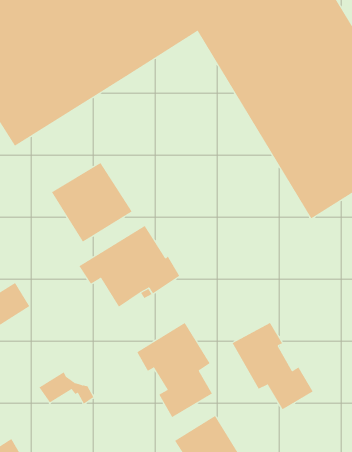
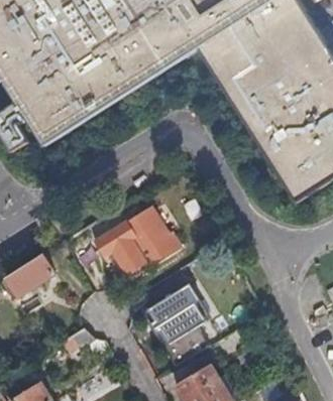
building: [51,162,132,242] -> none
building: [232,322,314,410] -> none

